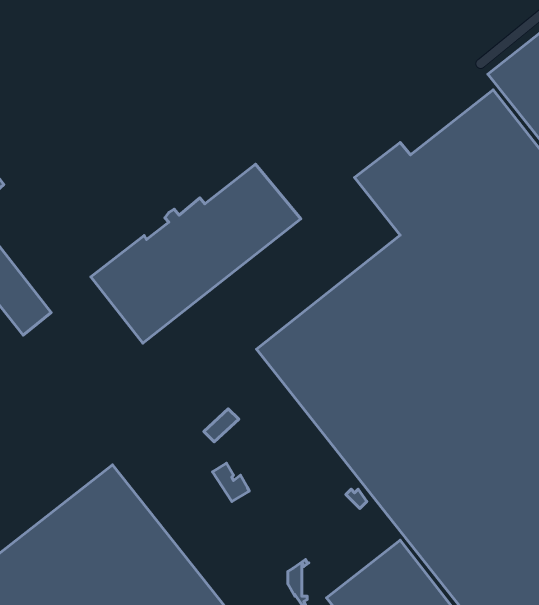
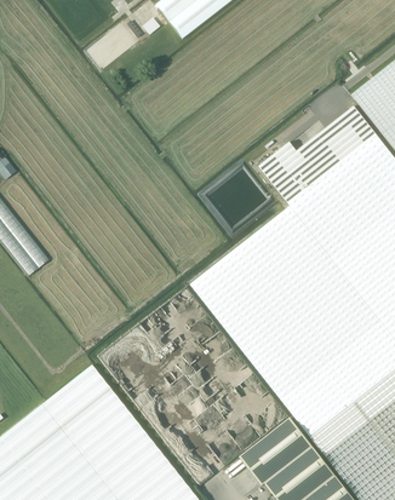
building: [91,164,301,343] -> none

